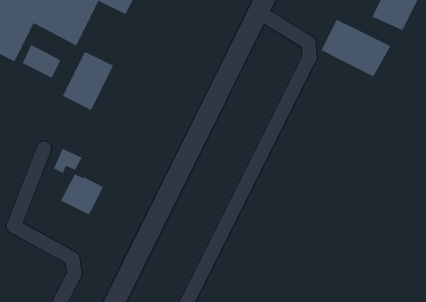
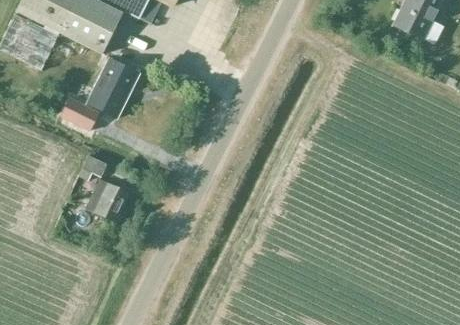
building: [321,19,391,77] -> none
building: [22,44,61,78] -> [61,96,100,130]

